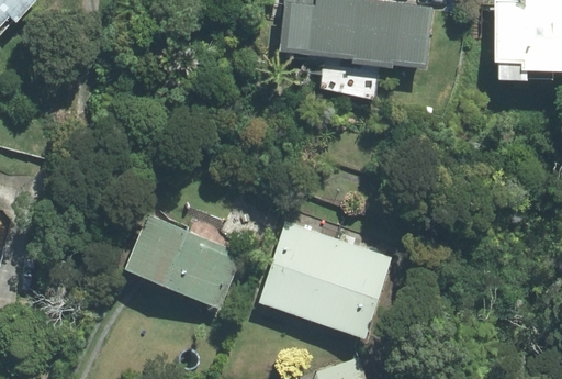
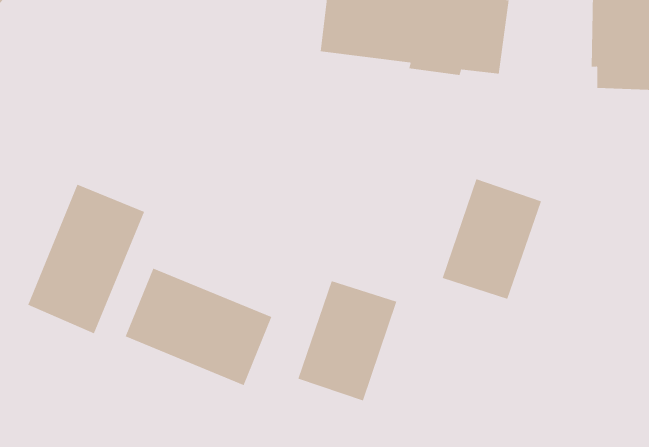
building: none -> [27,184,145,334]
building: [313,242,391,336] -> [442,179,542,299]

